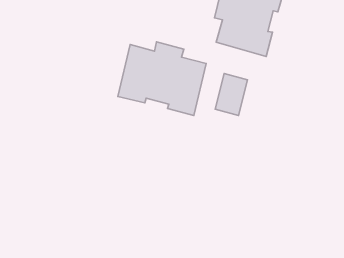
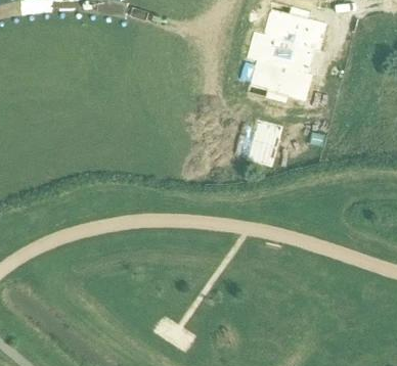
building: [118,42,206,116] -> none

